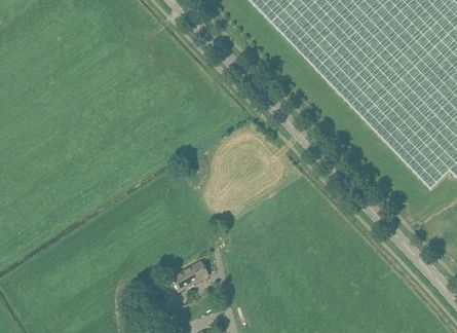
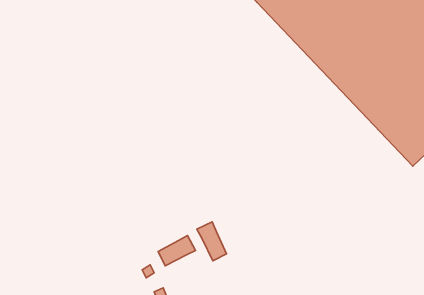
building: none -> [197,222,227,261]

